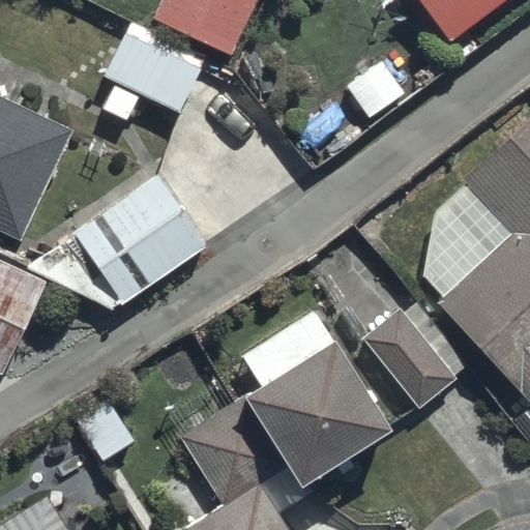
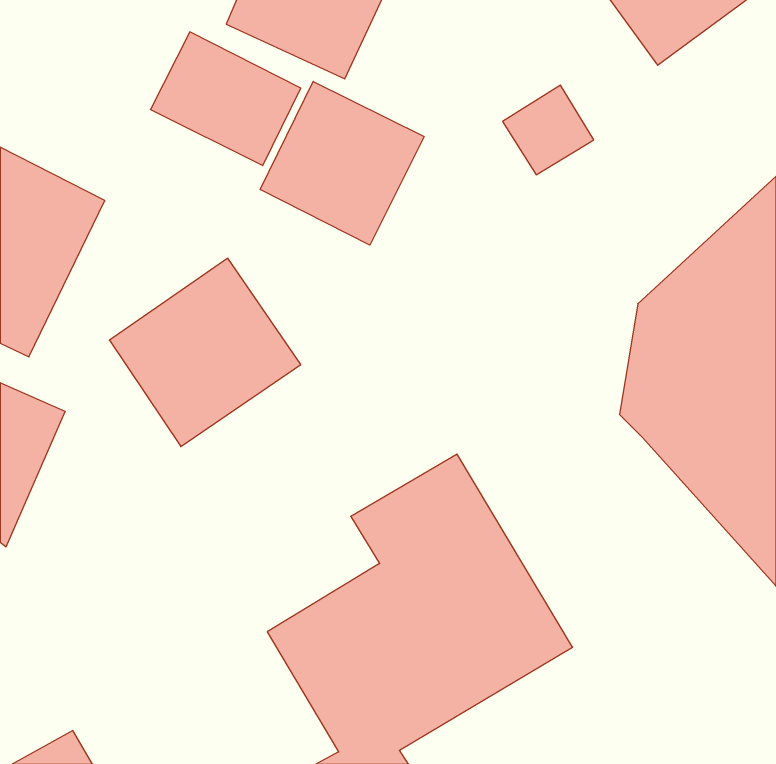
building: none -> [260,81,424,245]
building: [363,297,467,408] -> none

